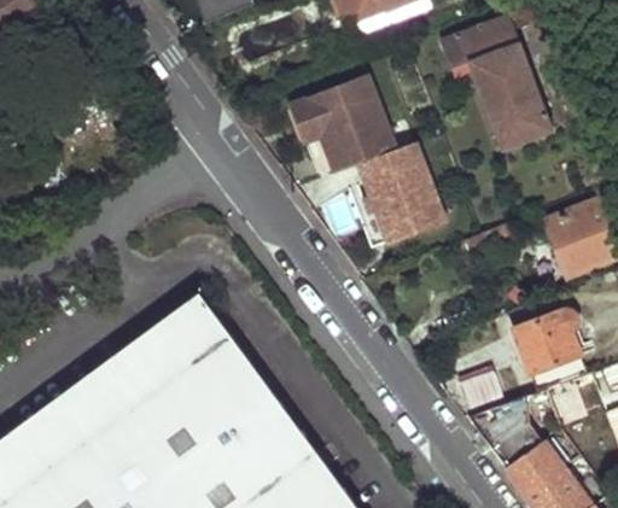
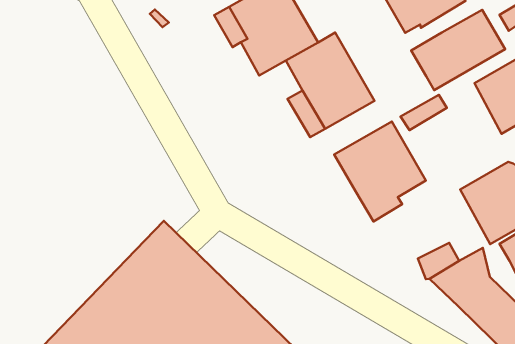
building: none -> [411,10,505,90]
building: none -> [334,121,426,222]

